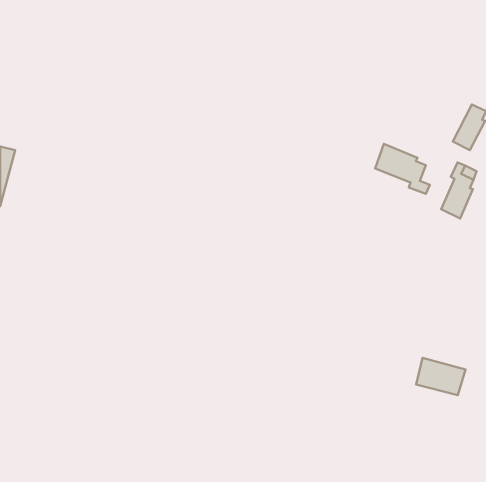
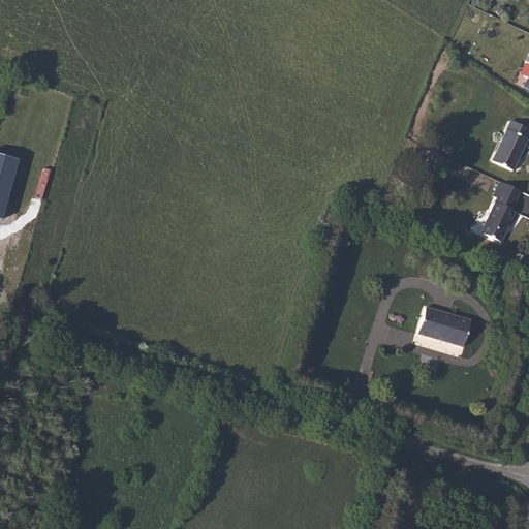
building: [375,144,430,194] -> none
building: [416,358,465,395] -> [419,308,473,348]

